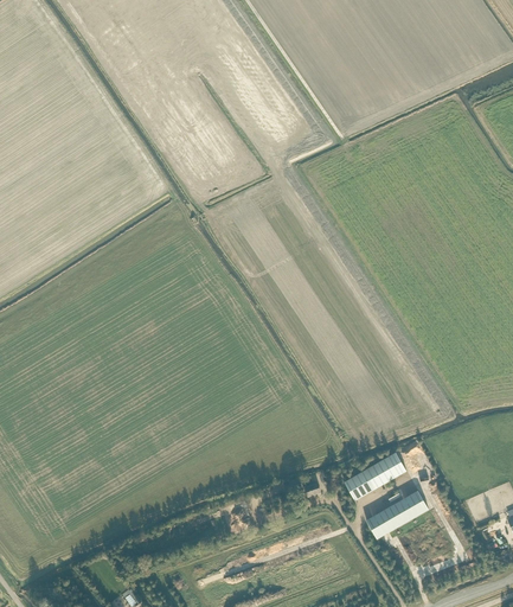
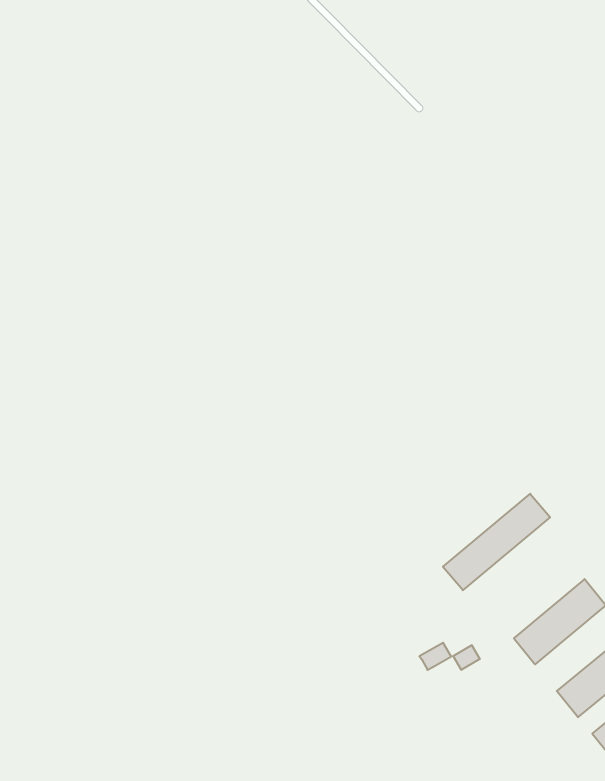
building: none -> [443,494,550,590]

